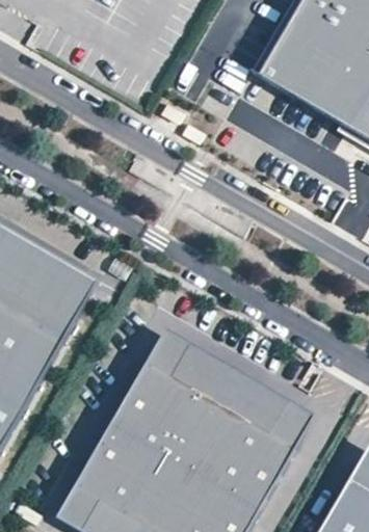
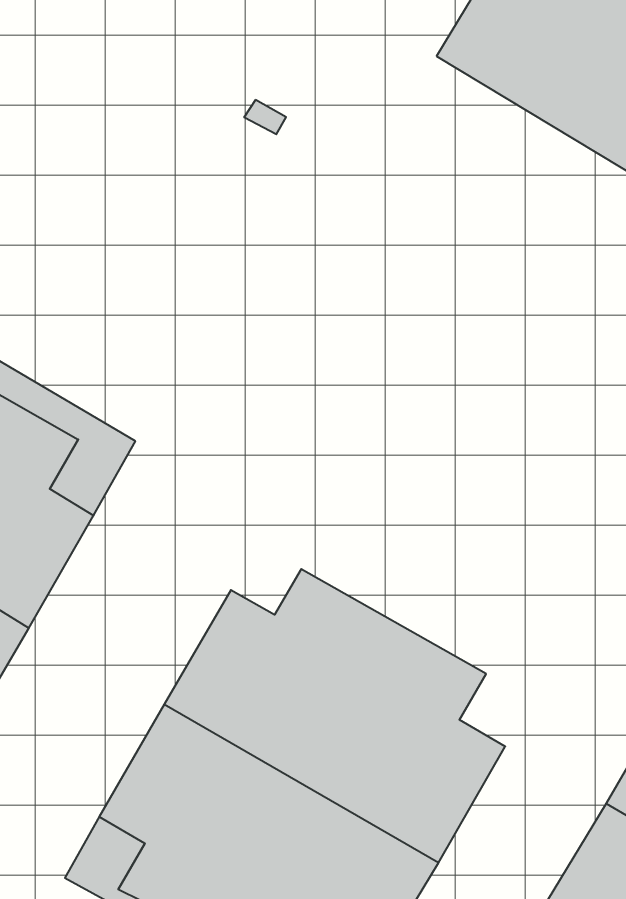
building: [146,328,314,447] -> none

